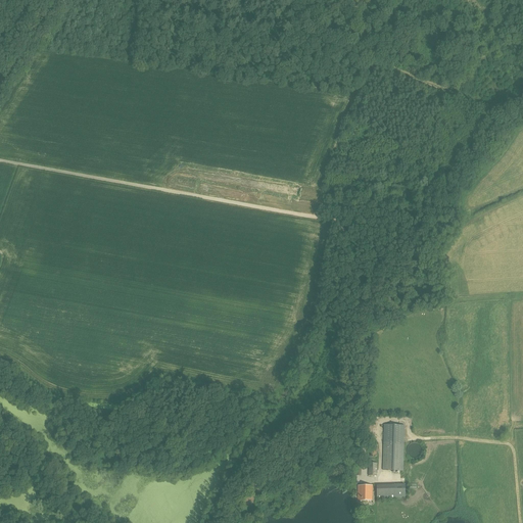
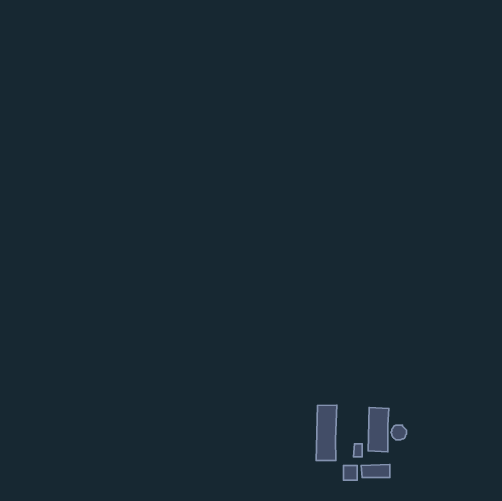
building: none -> [316,405,337,461]

